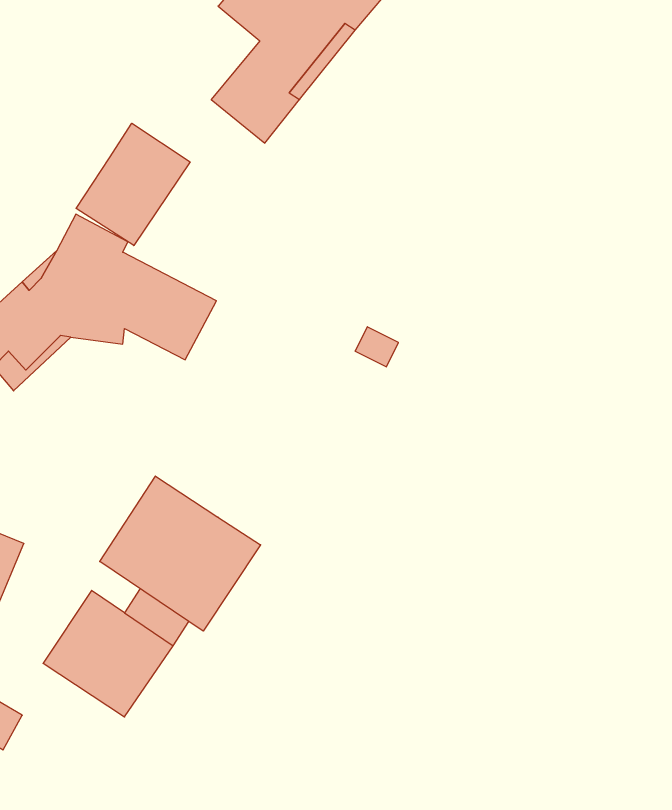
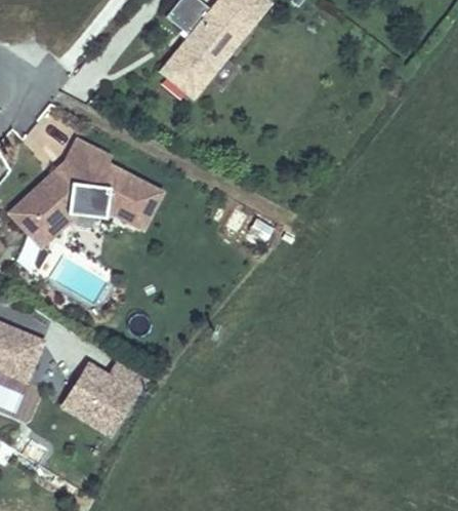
building: [76,123,190,246] -> none
building: [100,476,261,631] -> none

